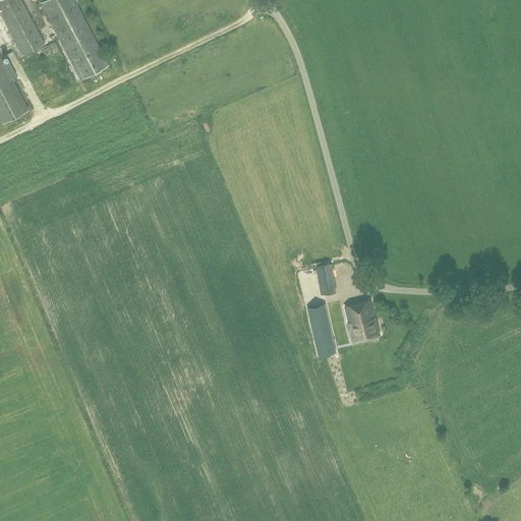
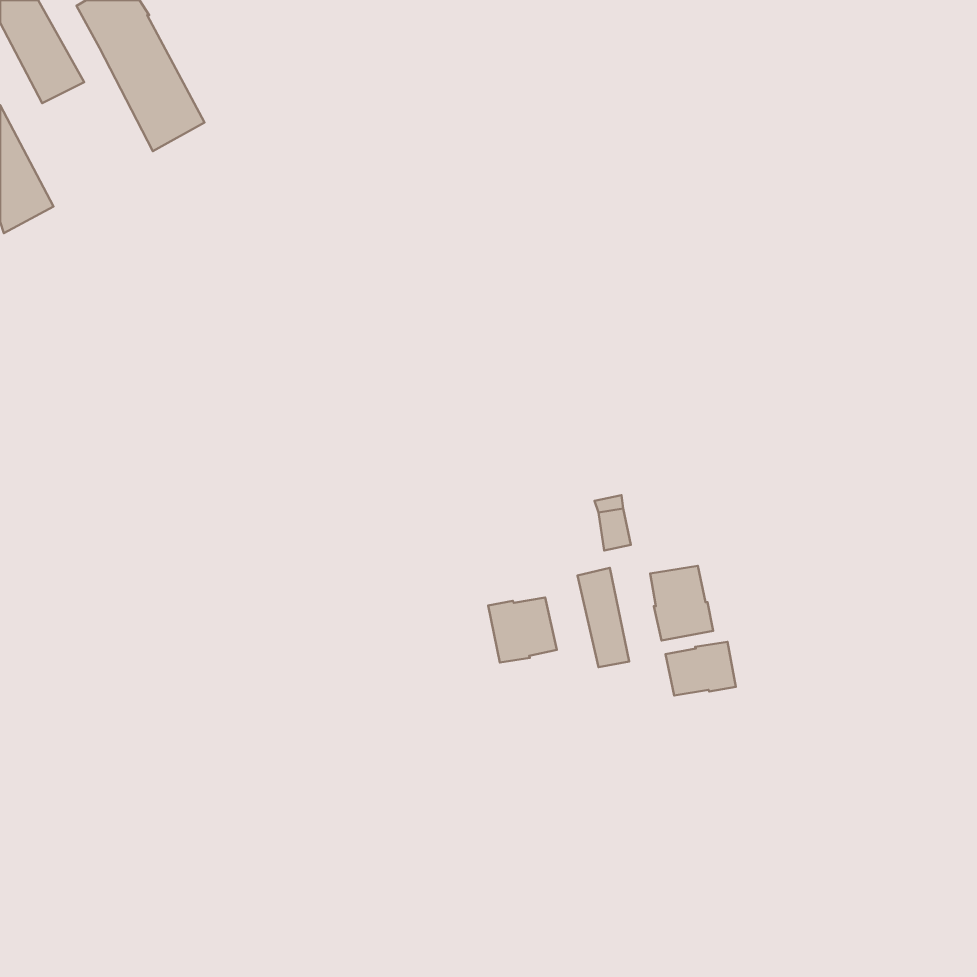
building: none -> [488,597,557,663]
building: none -> [666,642,736,695]

